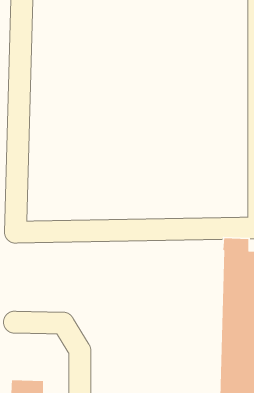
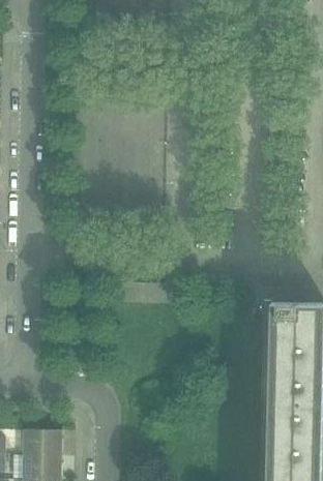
building: none -> [21,429,60,455]

